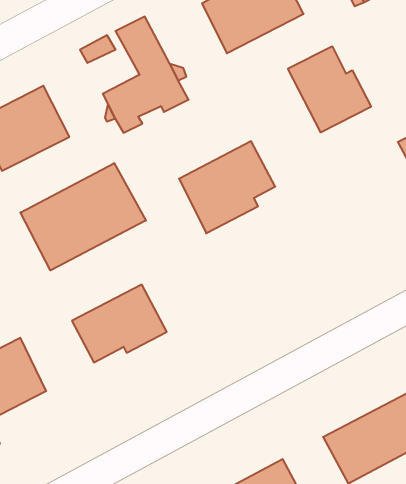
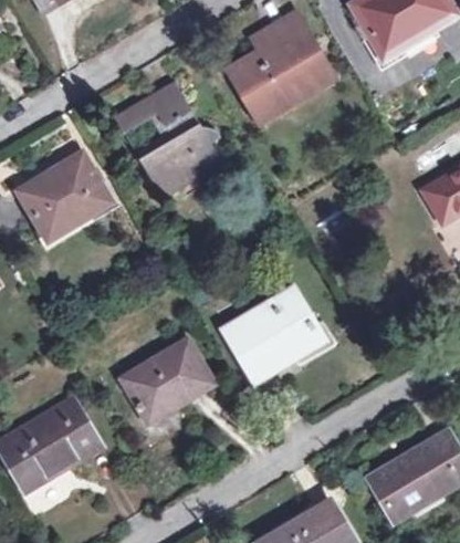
building: [288,46,371,132] -> none
building: [179,141,275,233] -> [226,289,318,379]
building: [20,163,146,270] -> none

